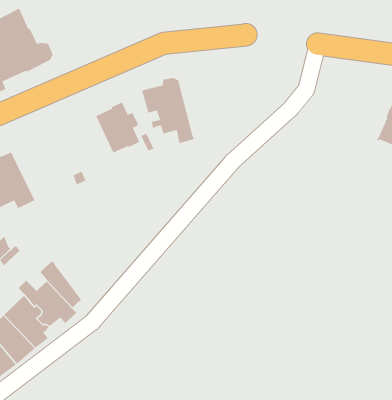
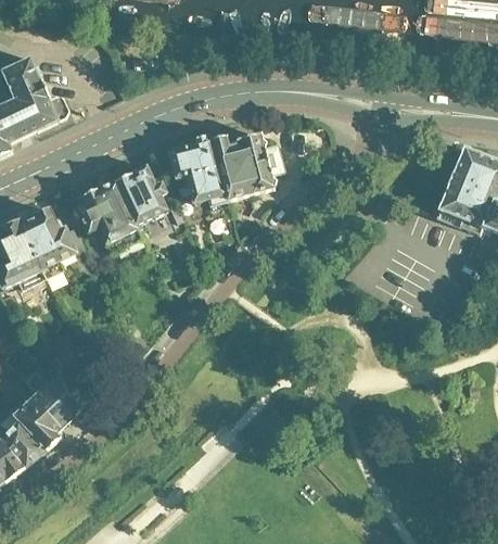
building: none -> [209,135,281,200]
building: none -> [74,181,142,256]
building: none -> [16,210,86,279]

